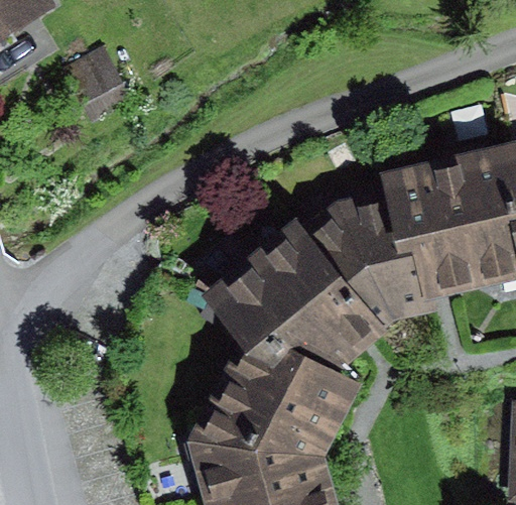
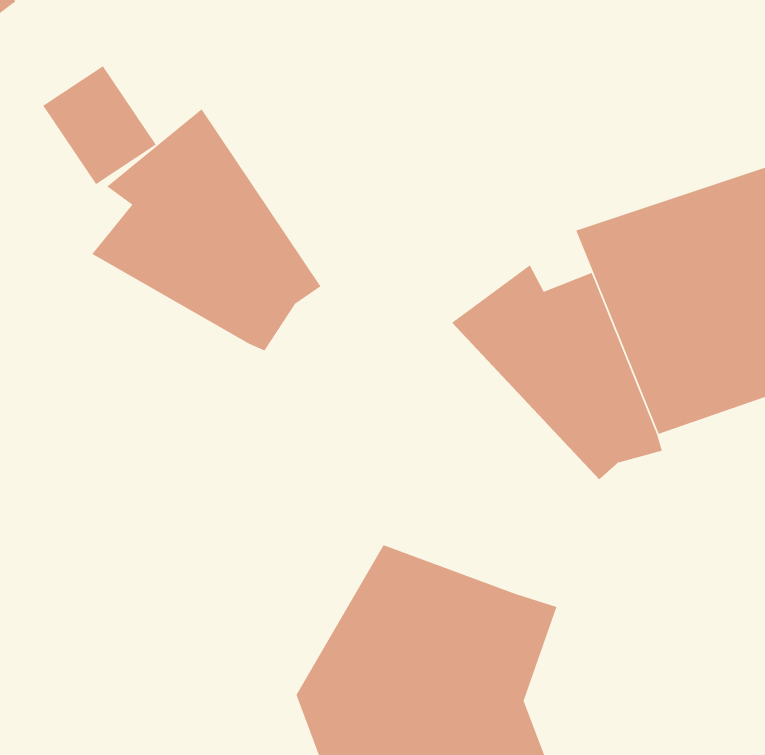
building: none -> [91,108,321,352]
building: [204,224,387,392] -> none

